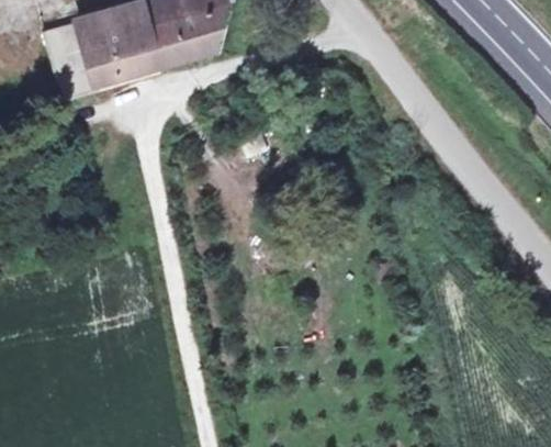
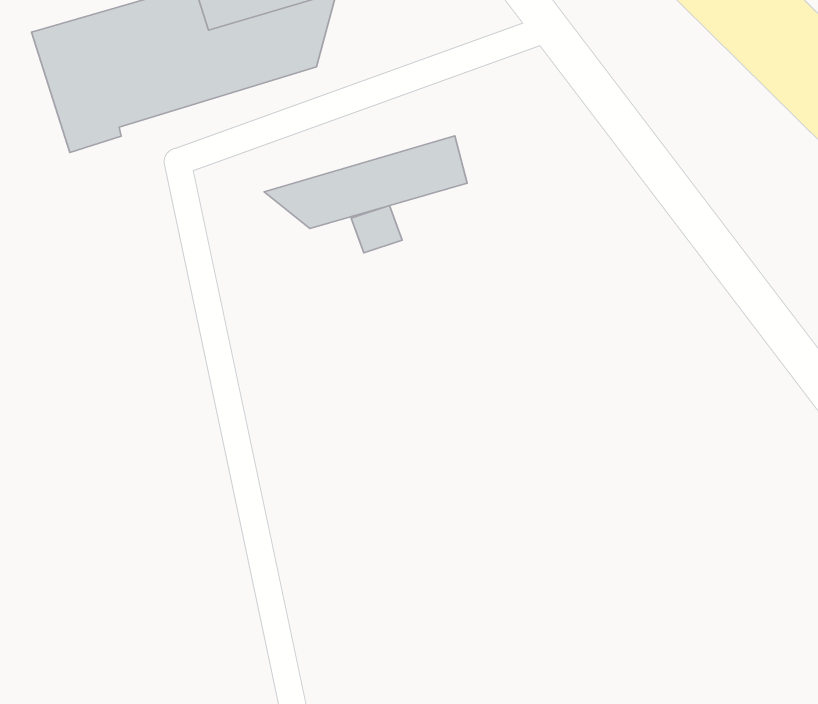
building: none -> [264,136,467,229]

